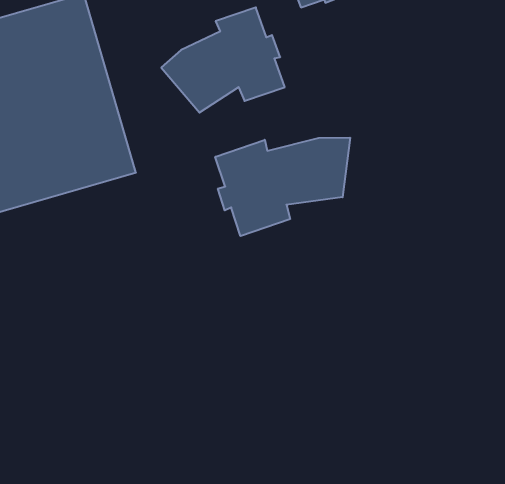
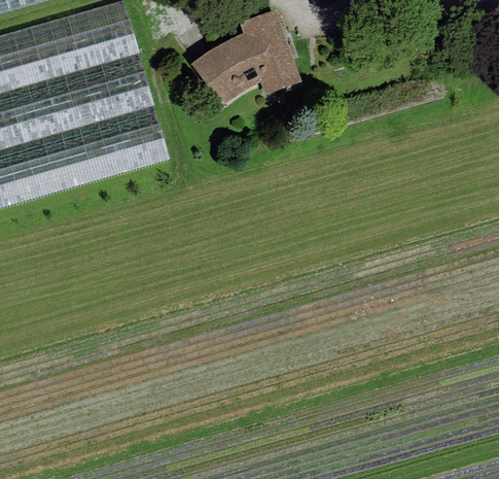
building: [215,138,350,236] -> none

